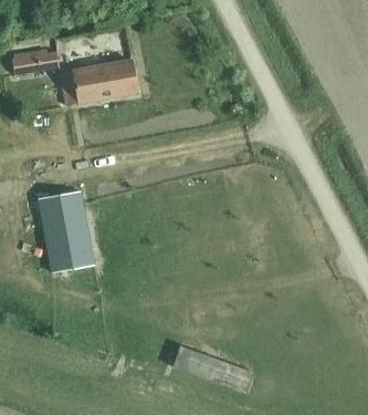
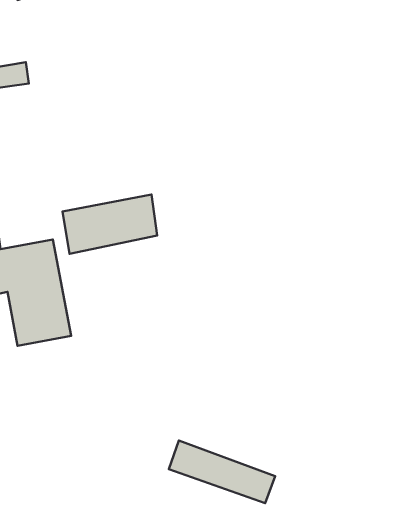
building: [62,59,136,105] -> [62,194,157,254]

